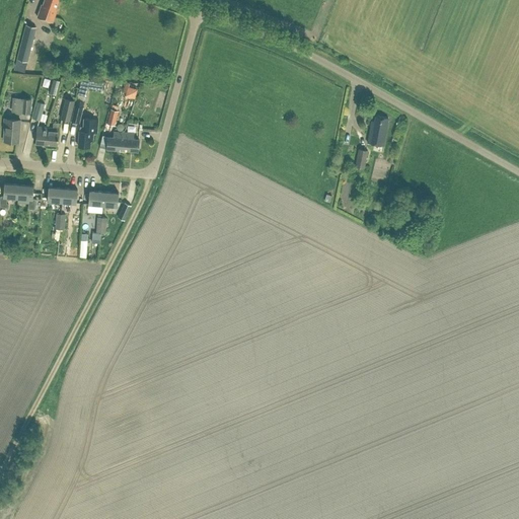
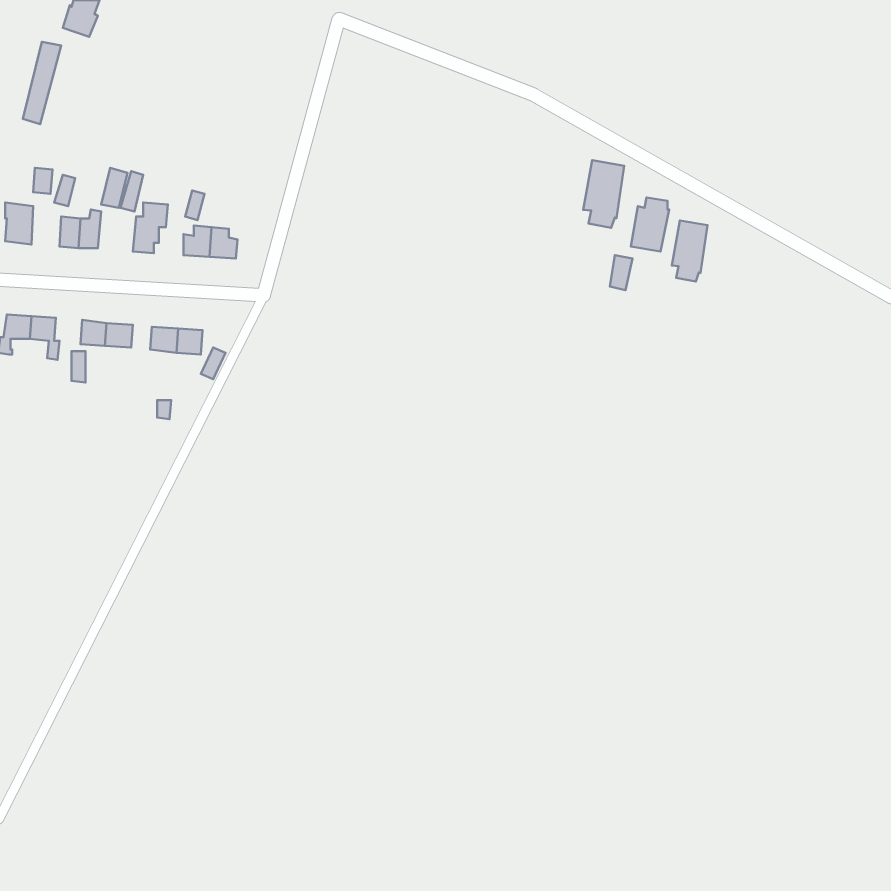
building: none -> [583,160,624,228]
building: none -> [672,220,708,282]

